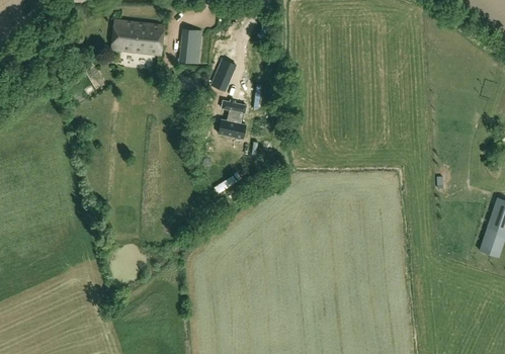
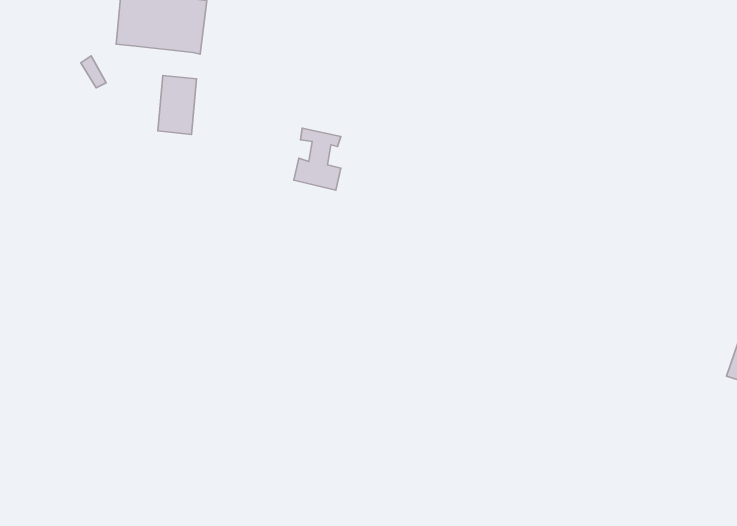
building: [179,29,202,65] -> [158,76,196,134]
building: [212,59,237,91] -> none

